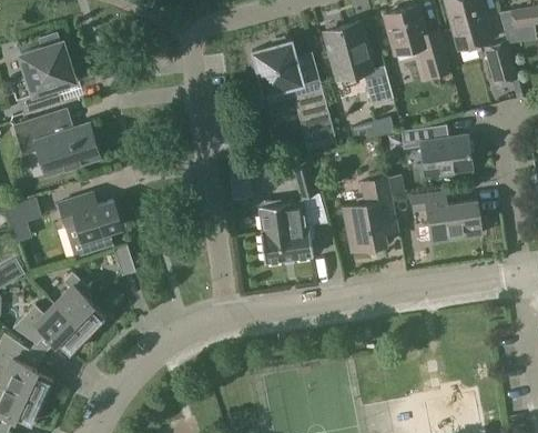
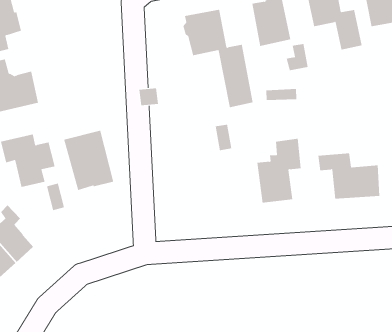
building: [400,125,471,177] -> none
building: none -> [63,130,114,191]
building: [258,202,313,264] -> none

